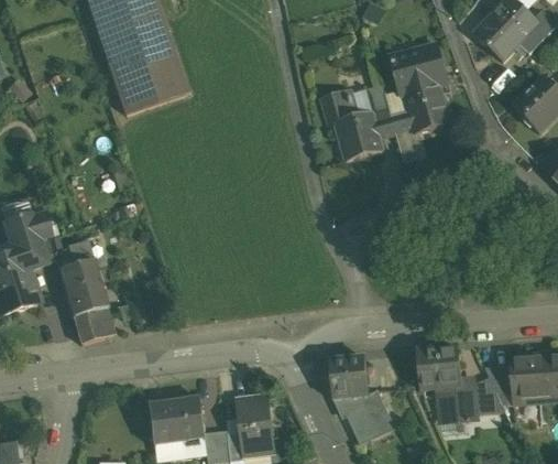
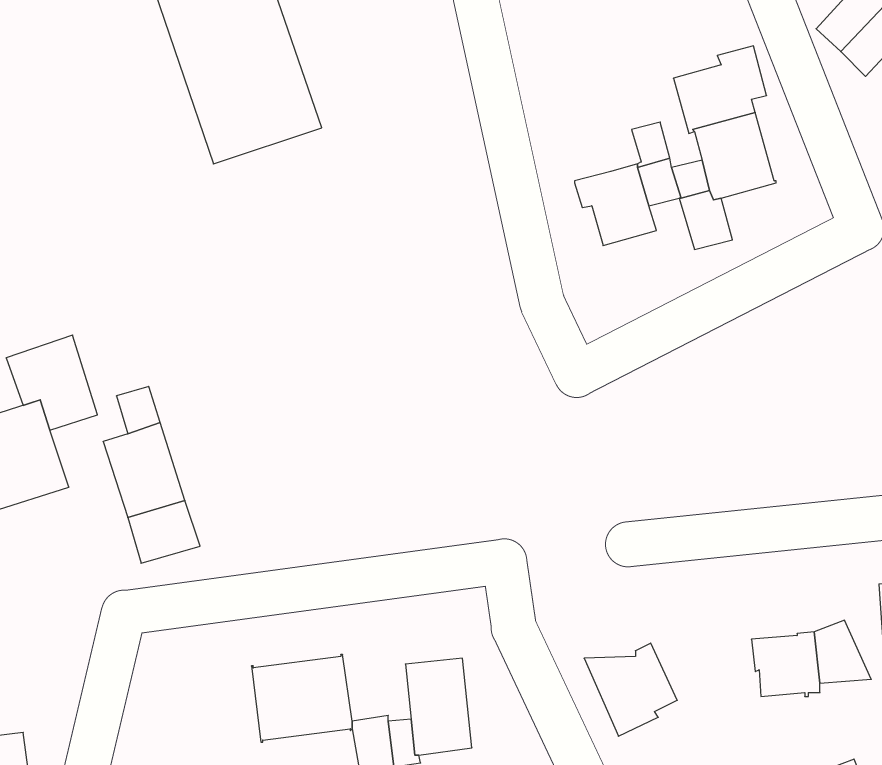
building: [324,94,355,123] -> none
building: [416,346,462,388] -> none
building: [329,356,369,398] -> none

